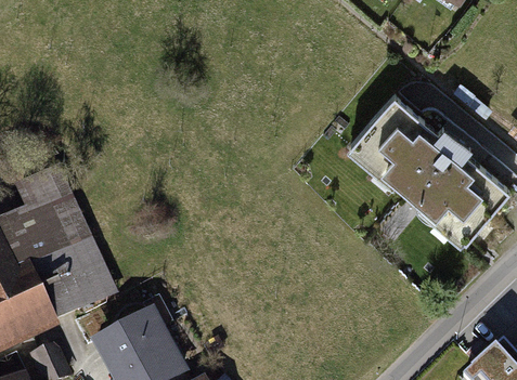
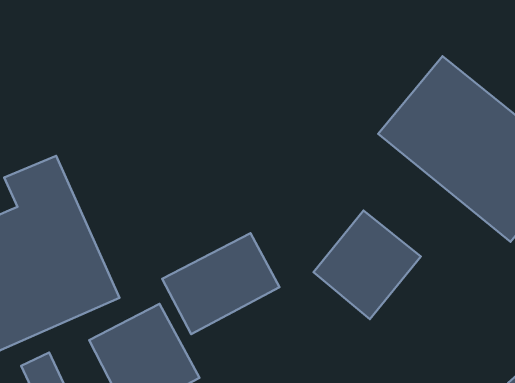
building: none -> [314,210,421,319]
building: none -> [162,233,279,334]

